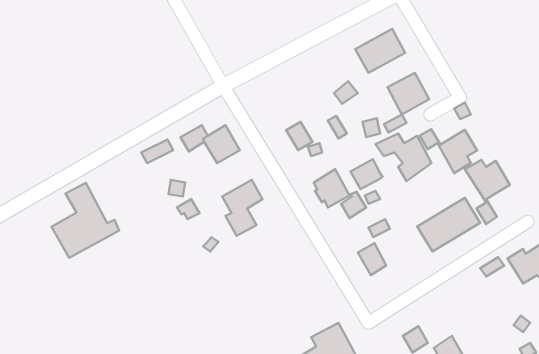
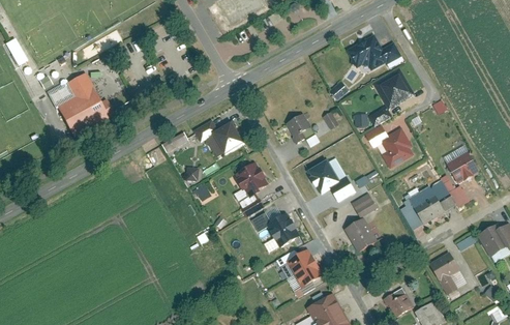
building: [420,129,477,173] -> none
building: [351,159,382,189] -> none
building: [51,183,119,258] -> [58,70,117,136]
building: none -> [252,212,299,244]
building: none -> [279,248,319,295]
building: none -> [429,255,464,293]

